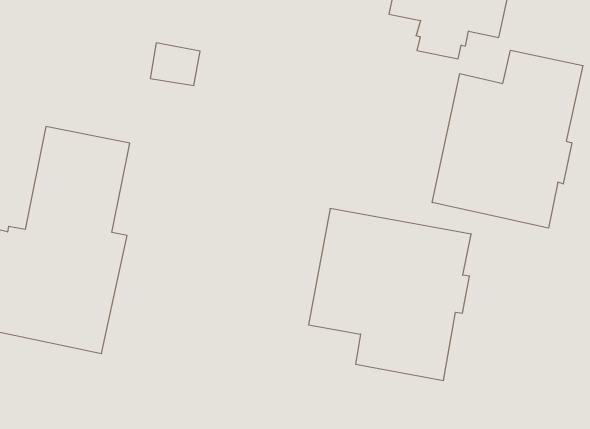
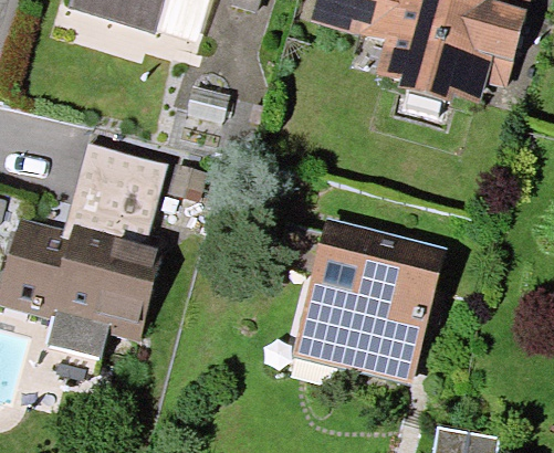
building: [432,50,583,228] -> none

